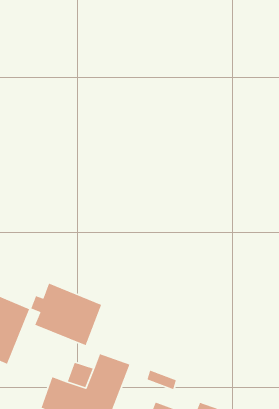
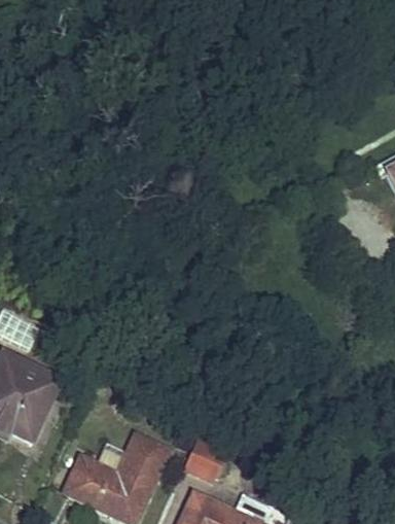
building: [30,283,102,346] -> none

